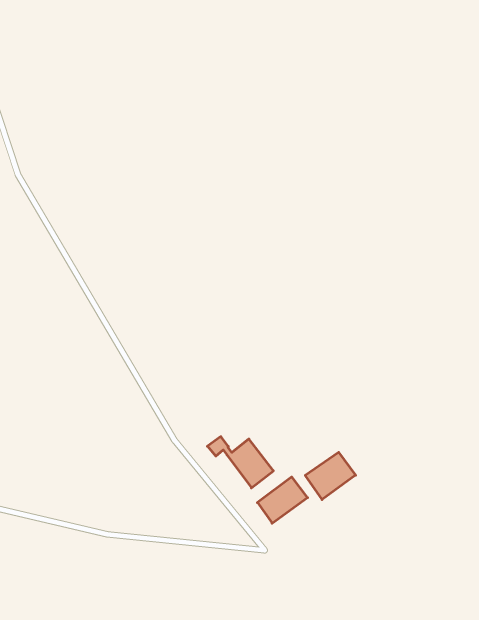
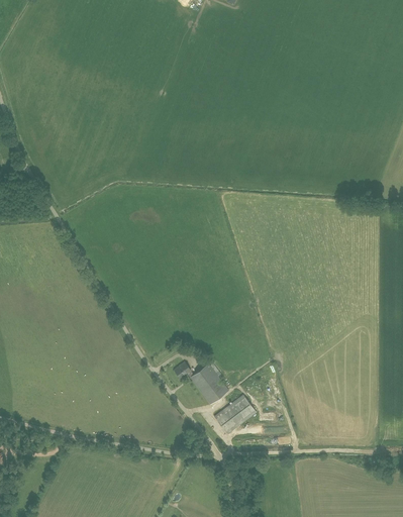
building: [305,452,356,500] -> none

